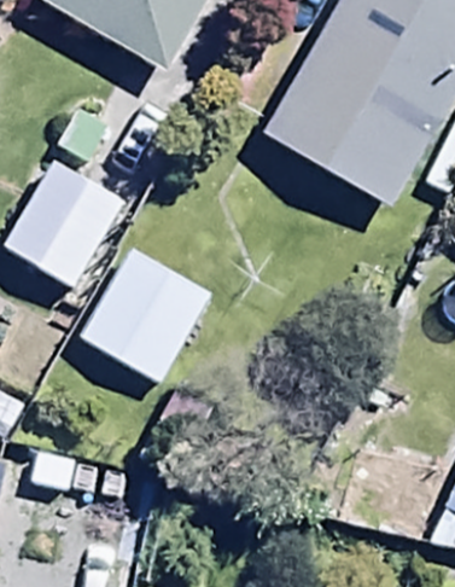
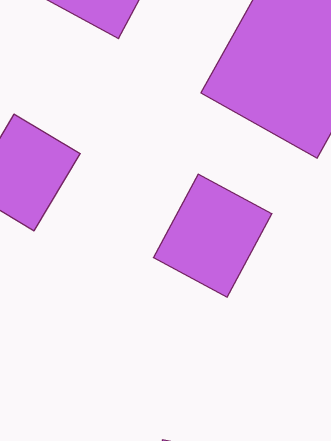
building: [80,245,214,384] -> [153,174,272,297]

